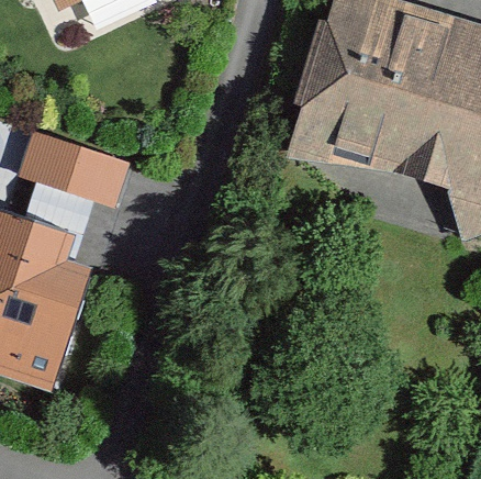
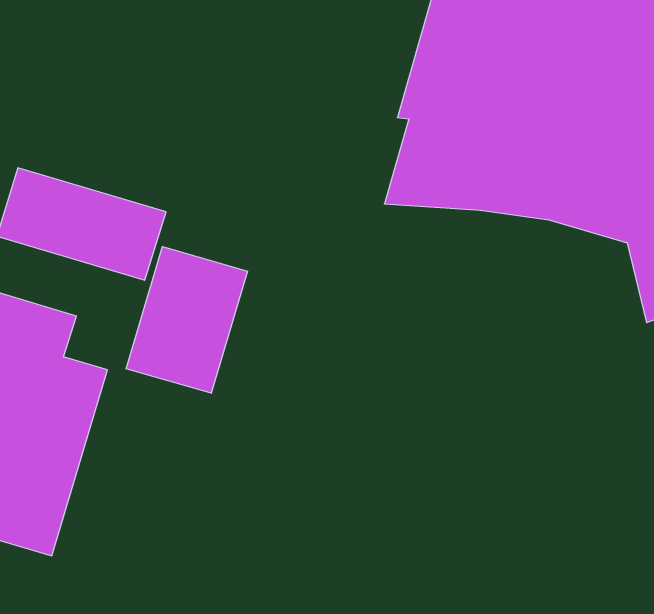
building: none -> [126,247,248,393]

